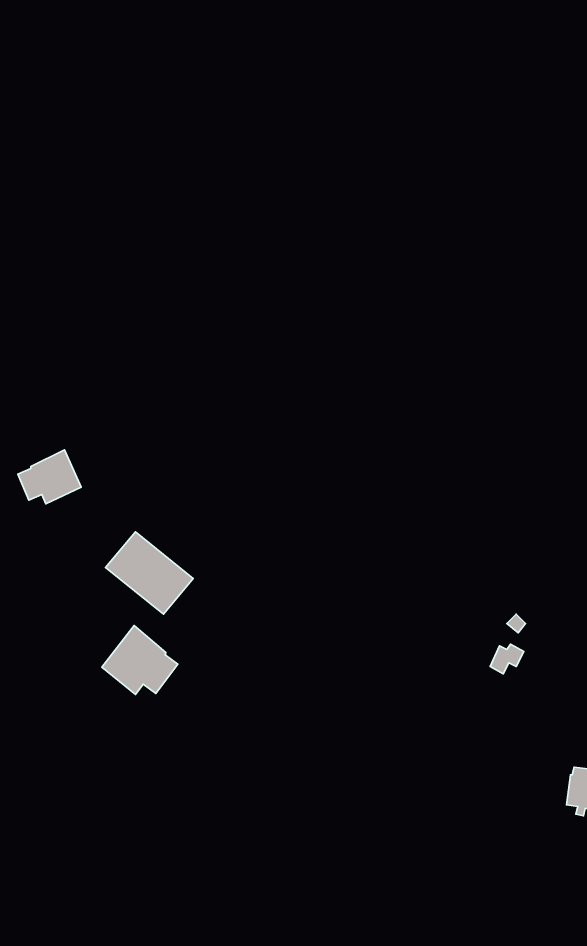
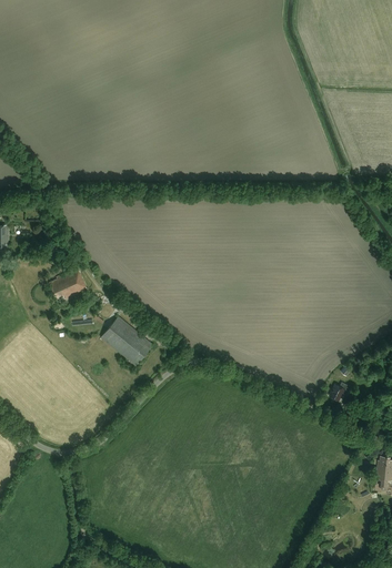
building: [102,625,178,695] -> none

